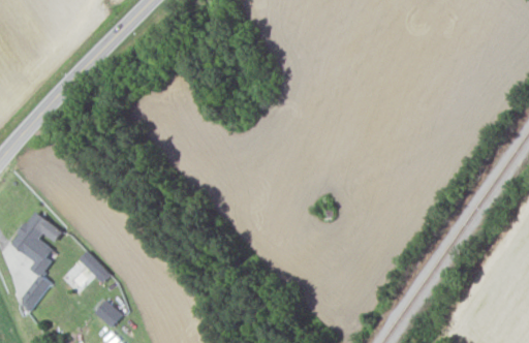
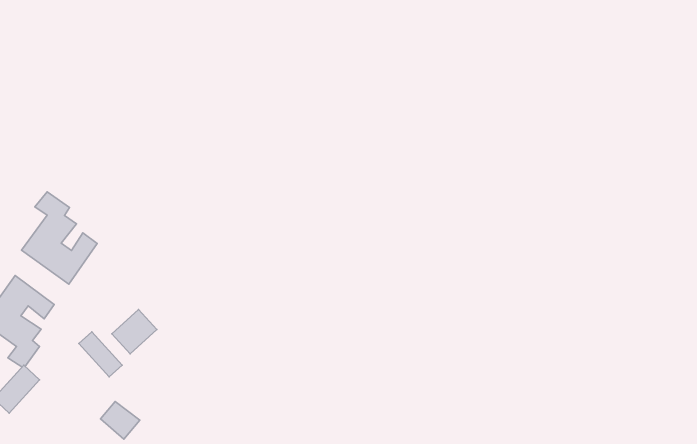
building: none -> [21,192,97,284]
building: none -> [112,310,157,354]

